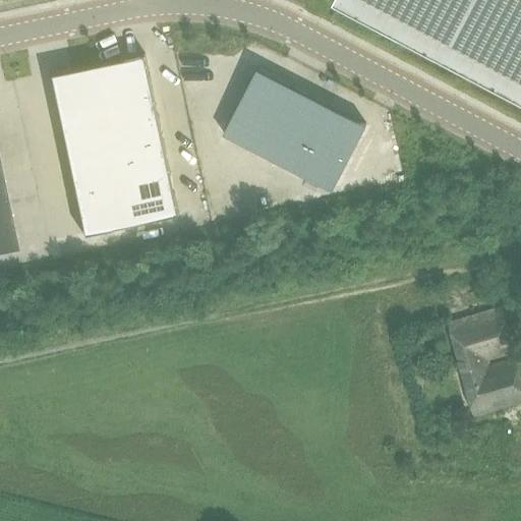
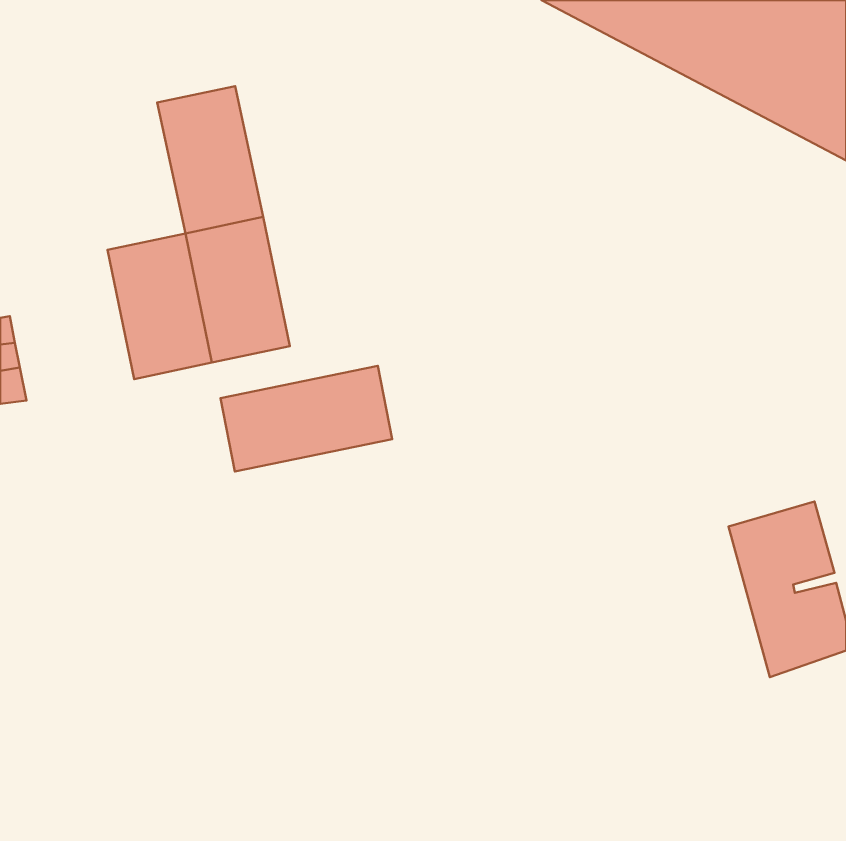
building: [49,66,114,157] -> none
building: [224,70,365,191] -> none
building: none -> [221,366,392,471]

